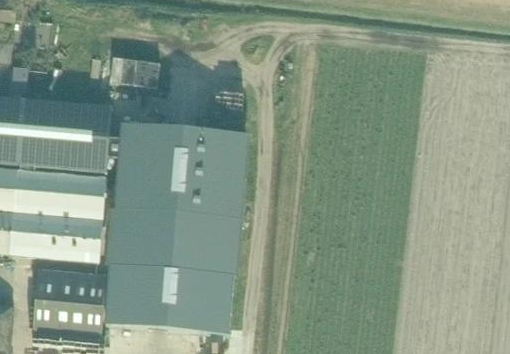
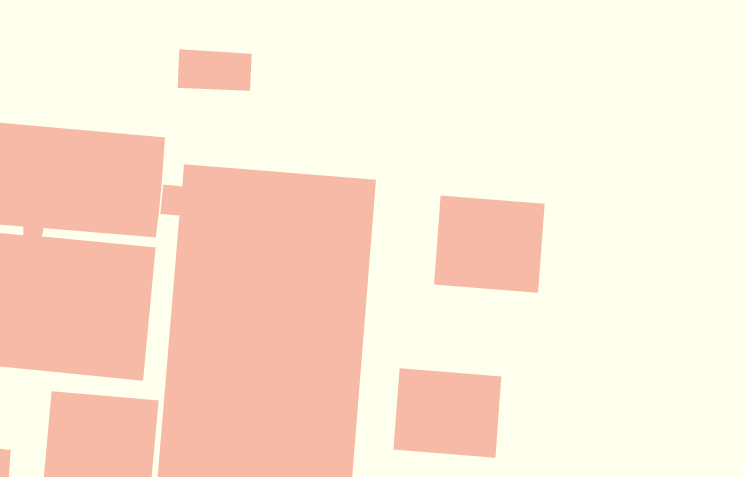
building: none -> [433,195,545,294]
building: none -> [393,368,502,459]

